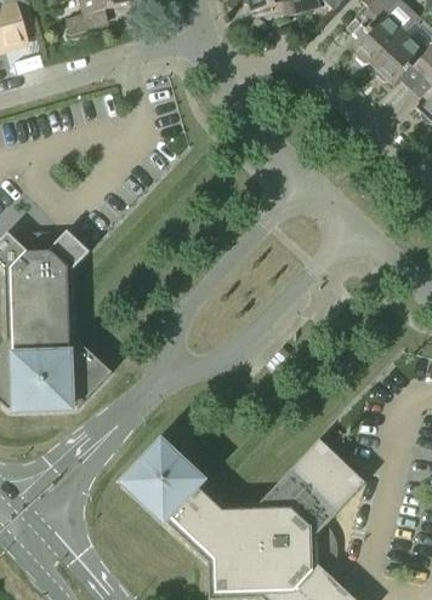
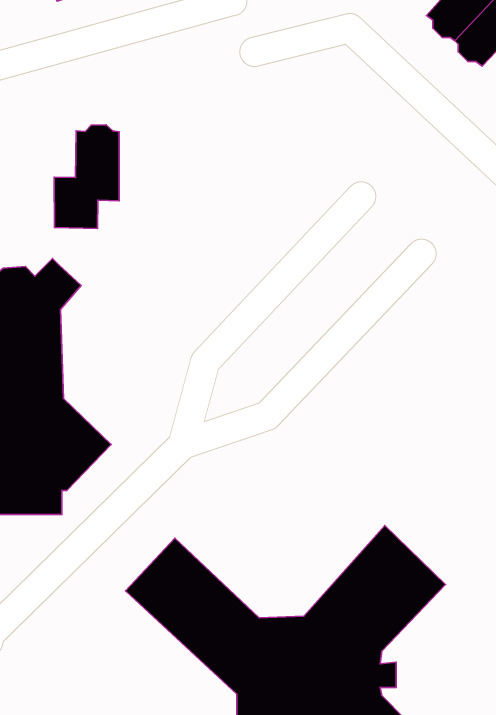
building: none -> [54,125,119,229]

